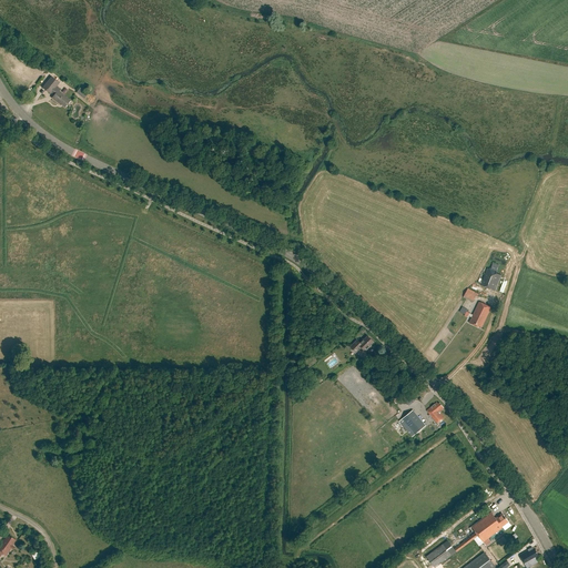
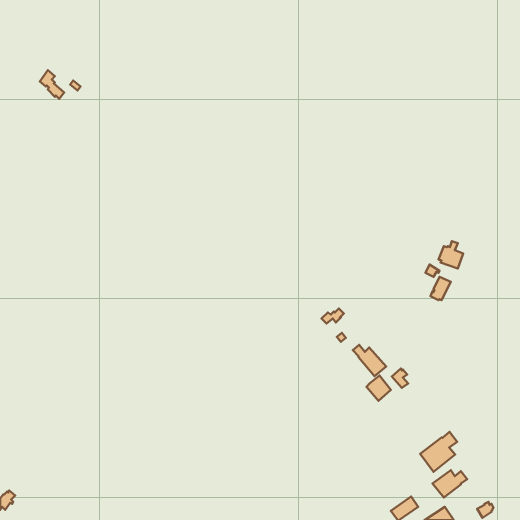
building: none -> [353,345,386,376]
building: none -> [420,432,457,472]

